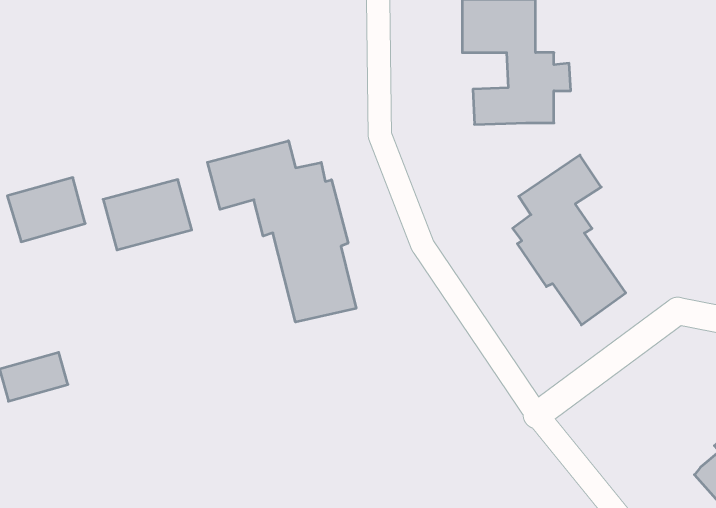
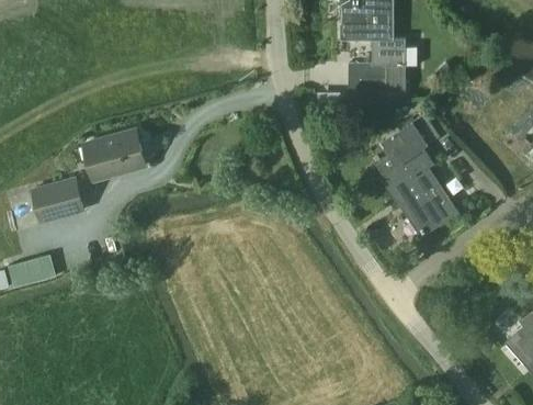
building: [207,141,356,322] -> none
building: [7,178,85,242] -> [30,178,86,224]

